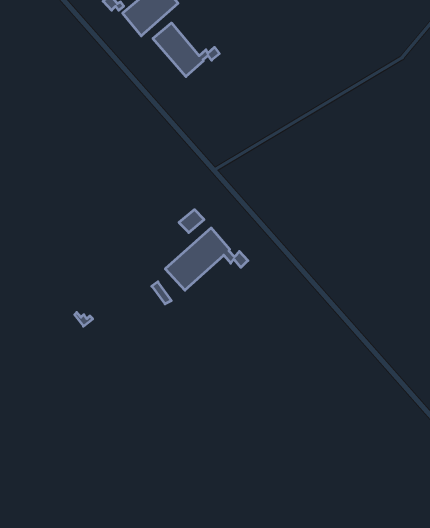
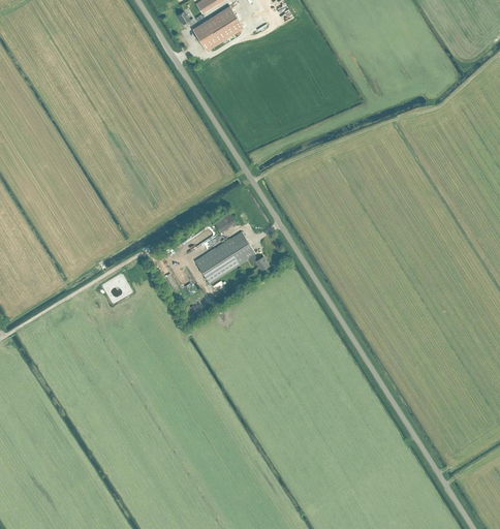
building: [153,23,219,77] -> none

